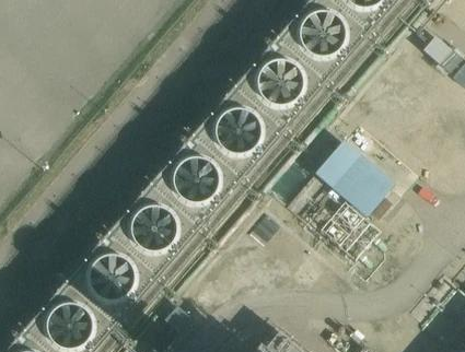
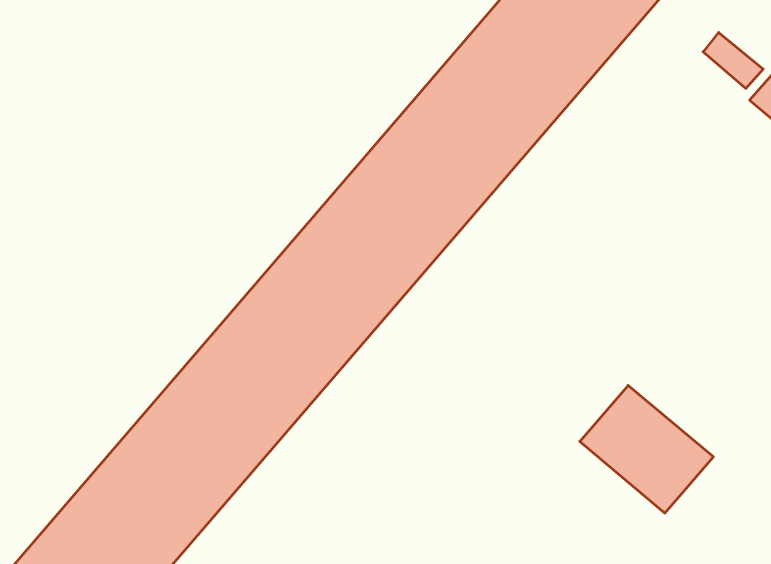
building: [318,150,394,222] -> [580,385,713,513]

